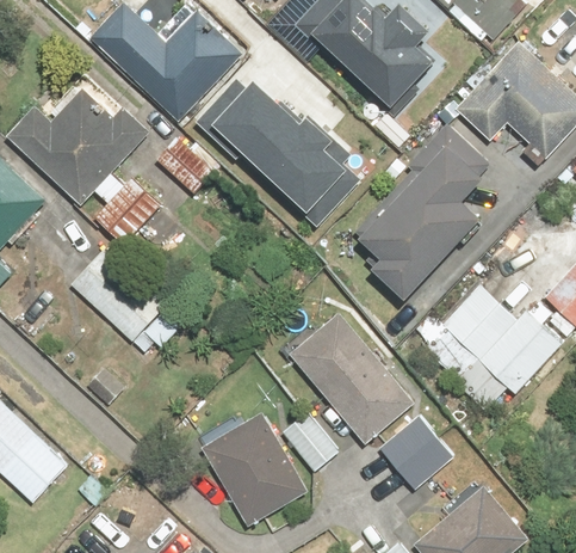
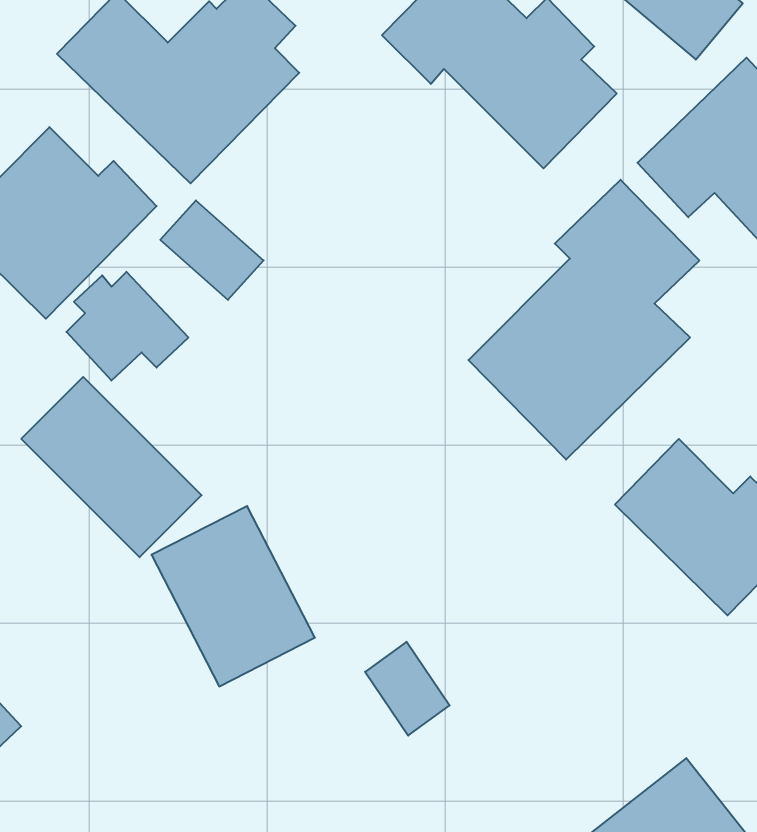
building: [196,78,363,228] -> none
building: [286,305,416,441] -> none
building: [203,413,306,528] -> [151,506,315,686]
building: [376,416,451,492] -> none

